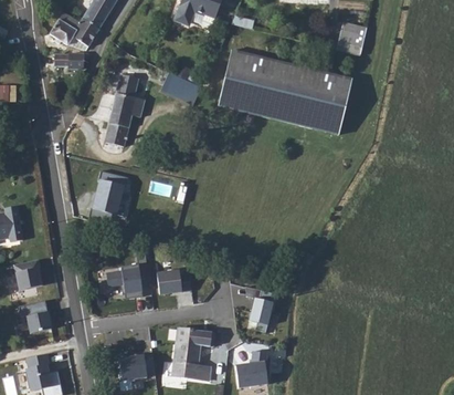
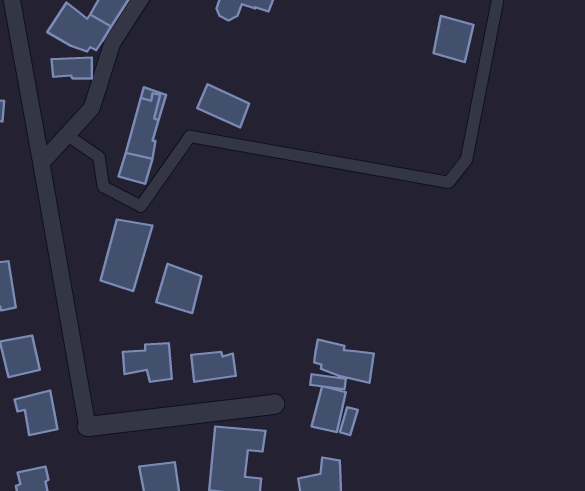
building: [218,48,351,136] -> none
building: none -> [156,264,202,313]
building: none -> [314,340,374,383]

